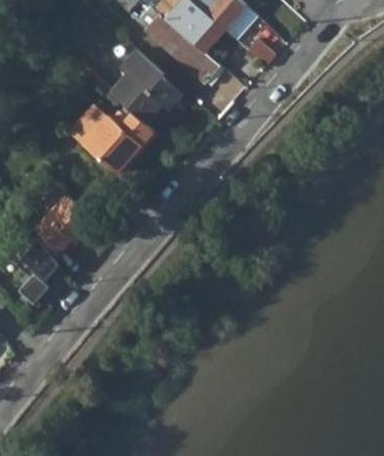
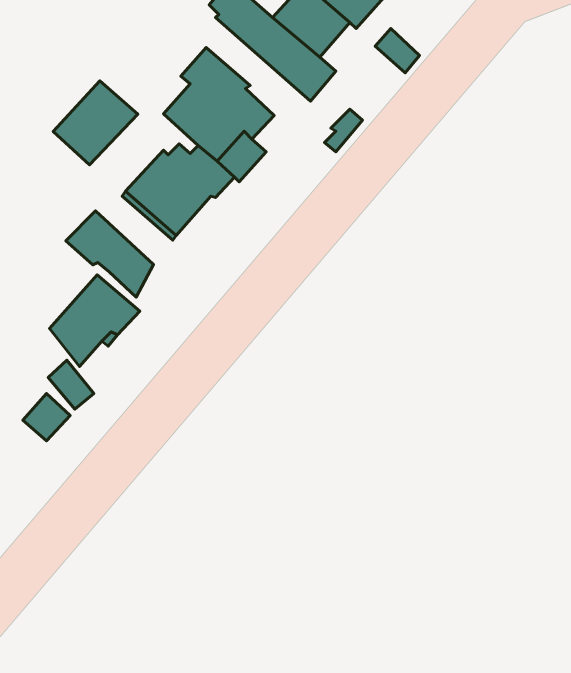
building: none -> [53,81,138,165]
building: none -> [66,211,154,297]

